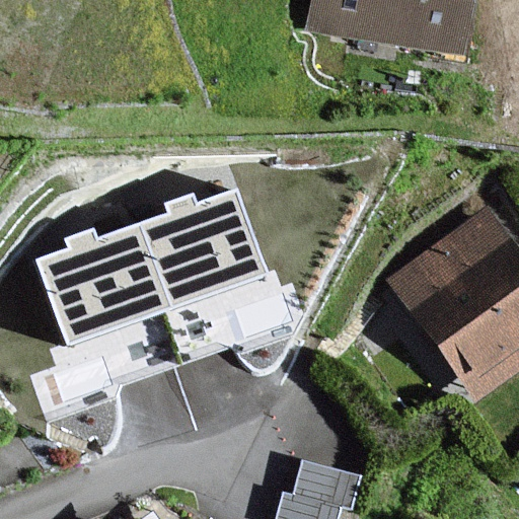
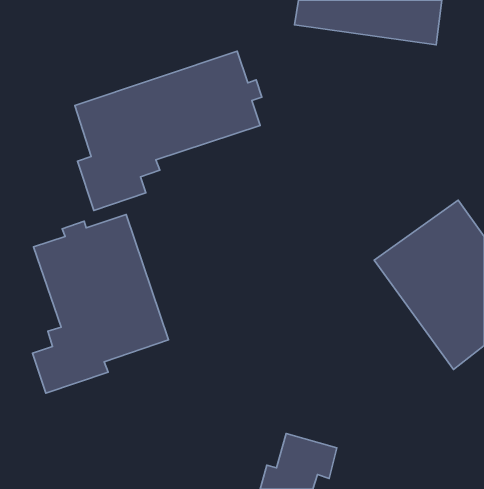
building: none -> [75,51,262,210]
building: [134,192,303,360] -> none

